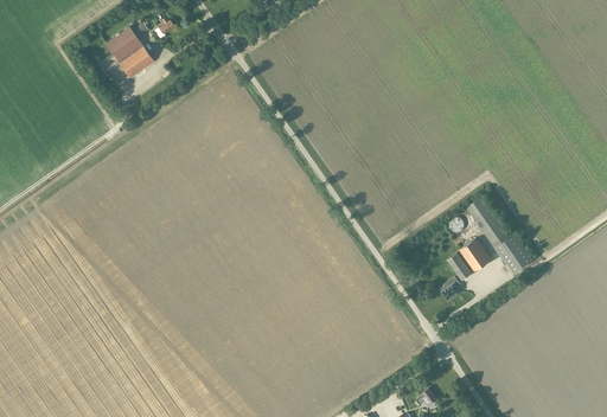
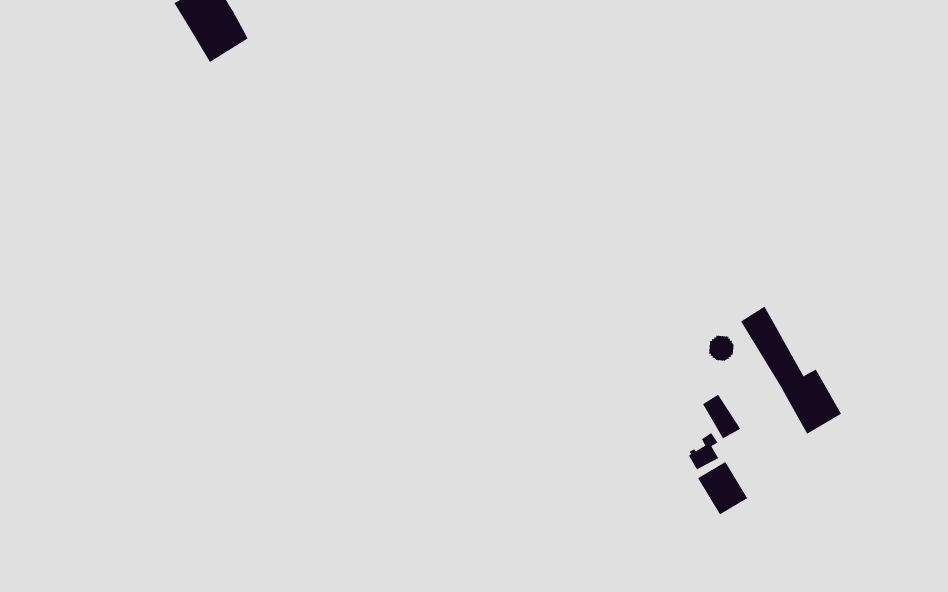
building: [459,238,491,271] -> [697,461,748,515]

